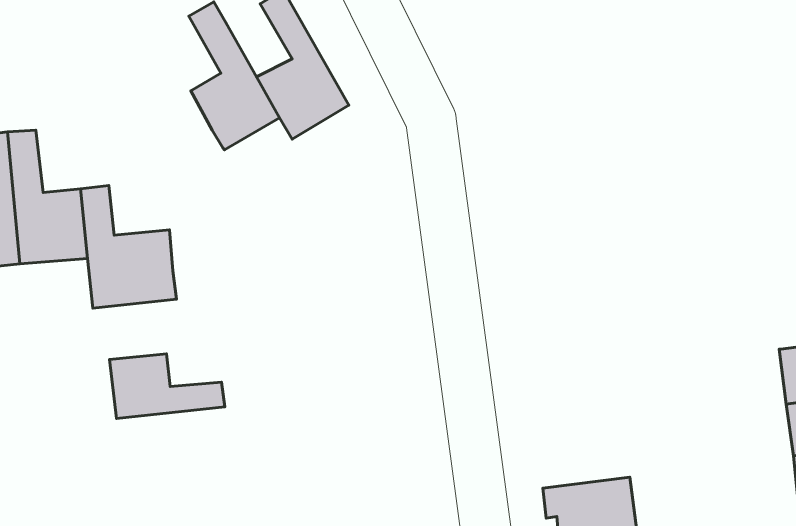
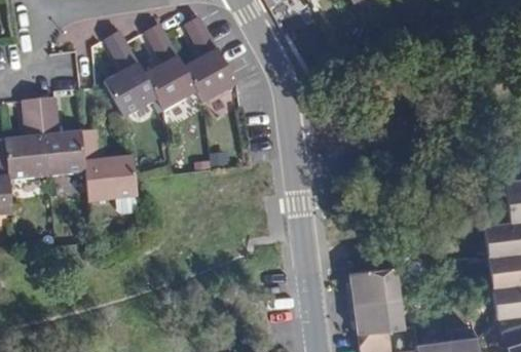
building: none -> [103,30,157,117]
building: [109,354,225,418] -> none
building: none -> [347,268,399,304]

